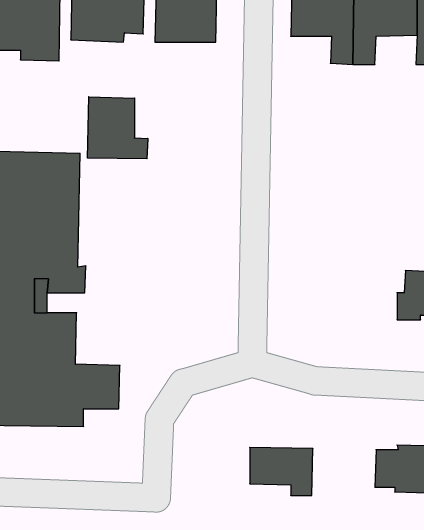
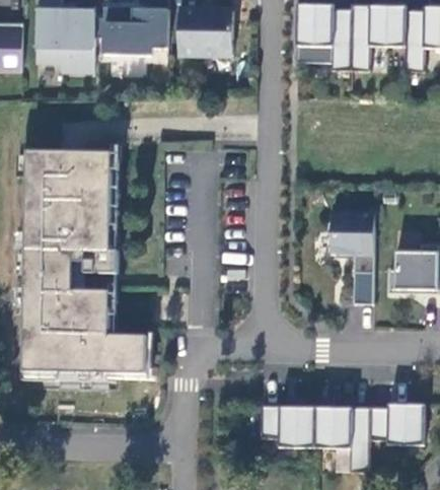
building: [88,97,148,159] -> none
building: none -> [329,212,373,303]
building: none -> [313,405,369,471]

